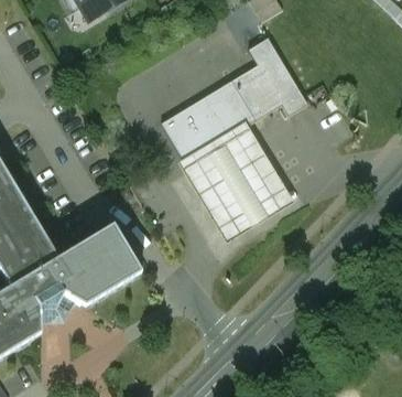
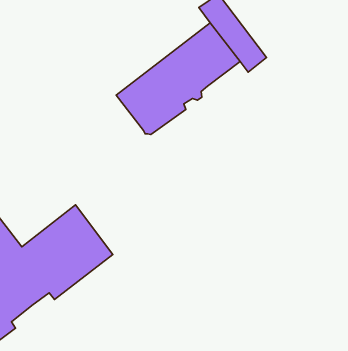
building: [178,124,295,243] -> none

